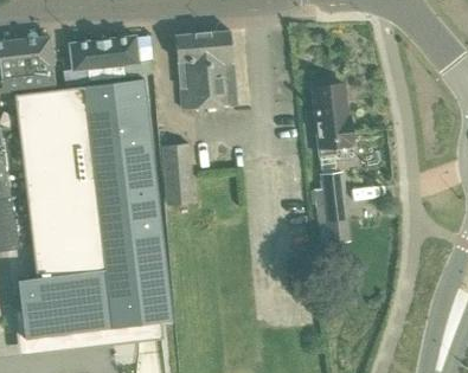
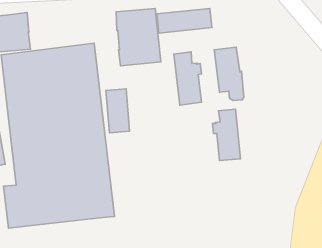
building: none -> [157,8,212,33]
building: [71,36,137,81] -> none
building: none -> [174,52,202,105]

